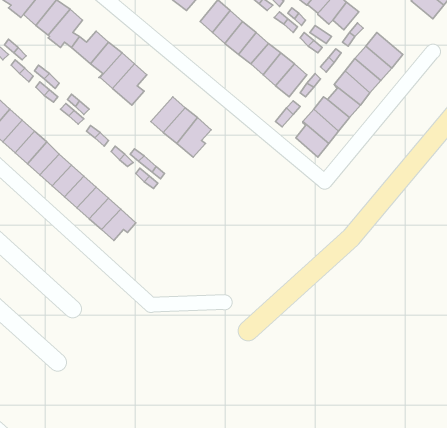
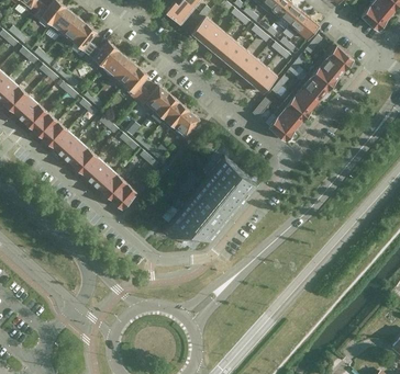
building: none -> [136,86,169,114]
building: none -> [162,156,254,240]

